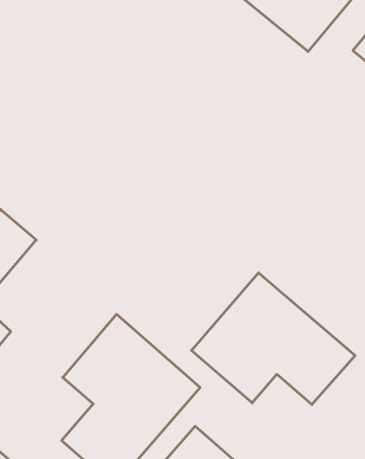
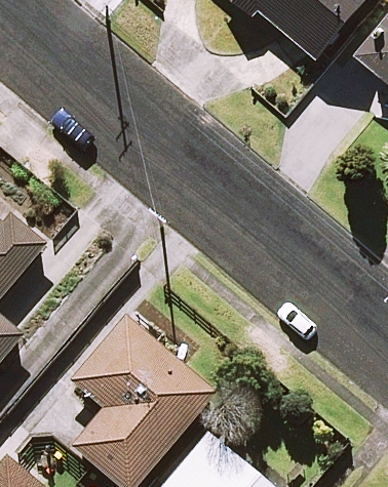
building: [191,273,355,405] -> none

